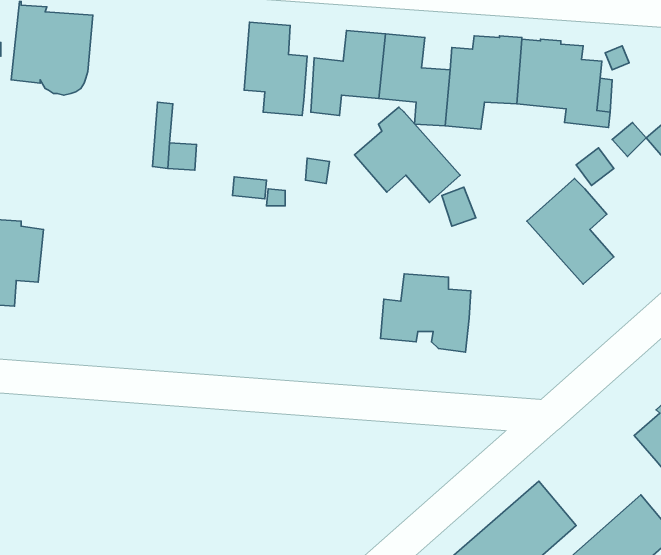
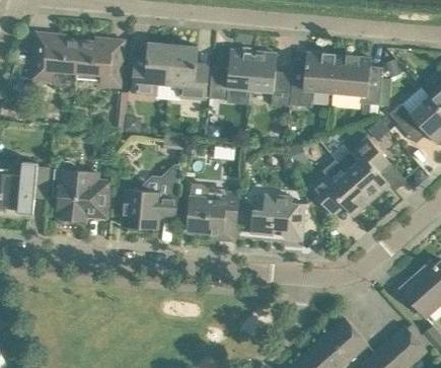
building: none -> [77,41,125,88]
building: none -> [133,43,173,96]
building: [355,107,460,202] -> [309,160,372,217]
building: none -> [52,161,111,221]
building: none -> [123,164,181,229]
building: none -> [188,182,239,234]

